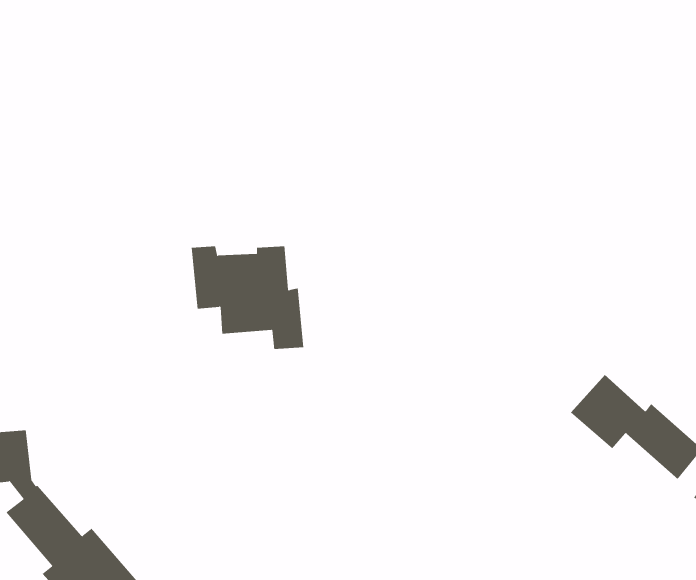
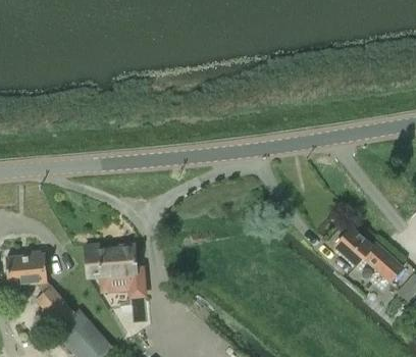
building: [191,246,304,349] -> [85,245,145,300]

